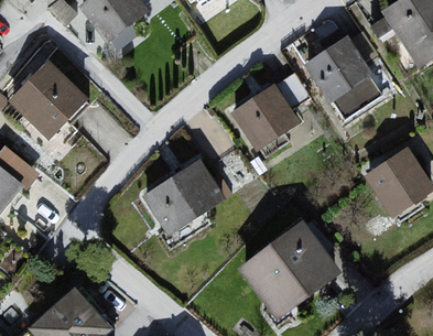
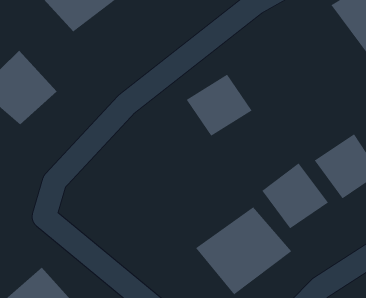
building: [300,39,376,117] -> none
building: [141,159,227,237] -> none
building: none -> [262,162,329,229]

